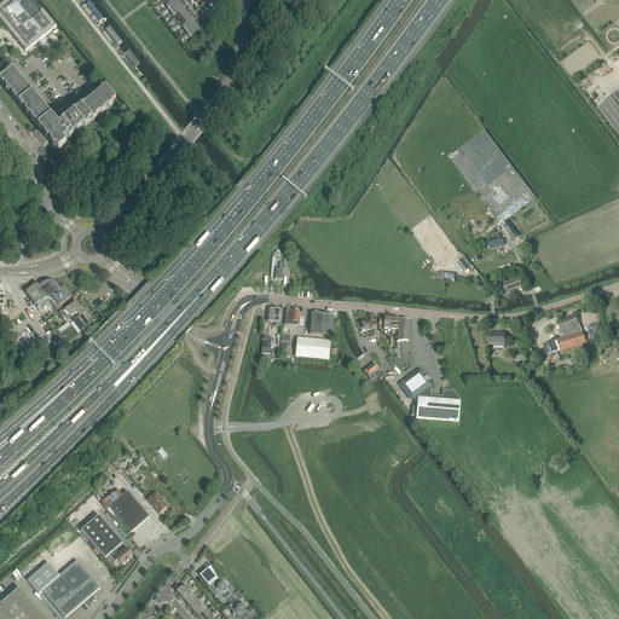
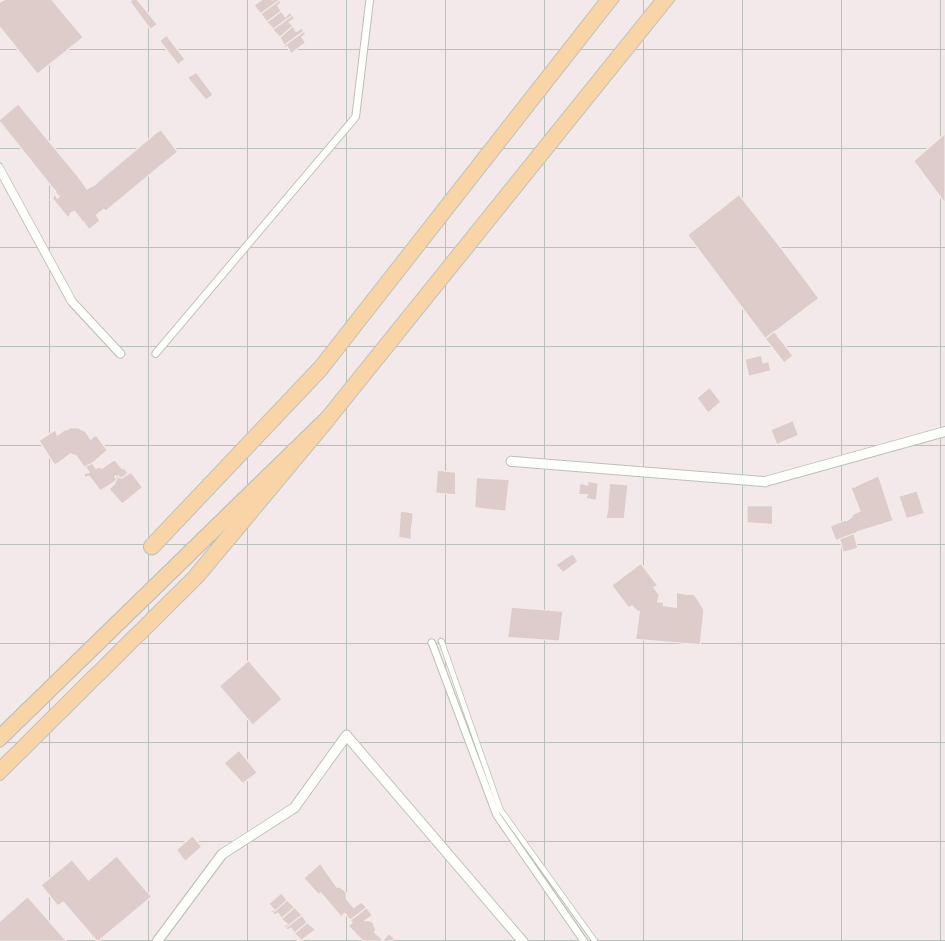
building: [294,335,330,357] -> [508,608,563,641]
building: [108,488,149,531] -> [219,660,282,725]
building: [80,513,122,556] -> none

